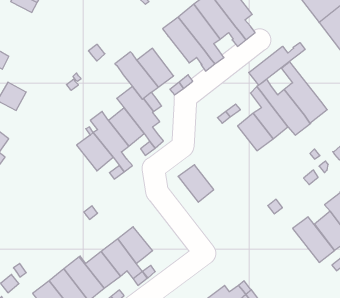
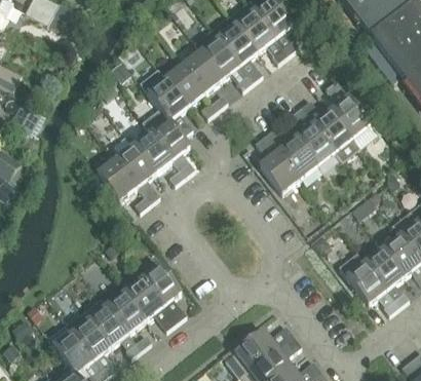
building: none -> [183,50,224,94]
building: [249,43,305,85] -> none
building: [178,165,214,202] -> [260,151,300,193]

